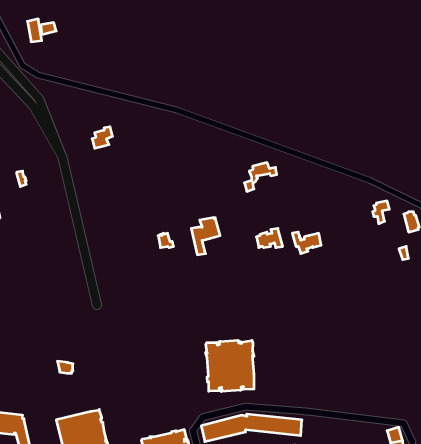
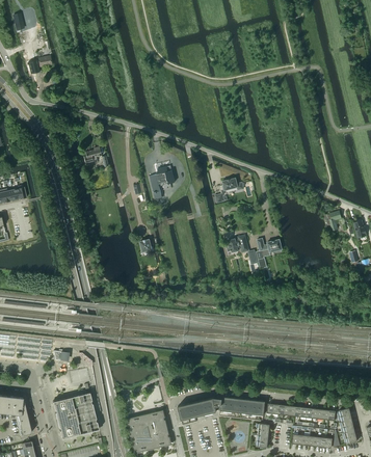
building: [191,218,220,255] -> [150,167,175,199]
building: [206,340,254,392] -> none

